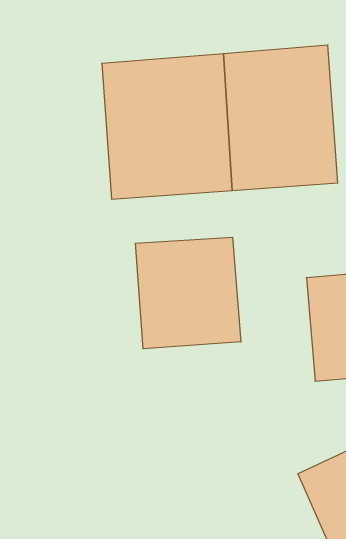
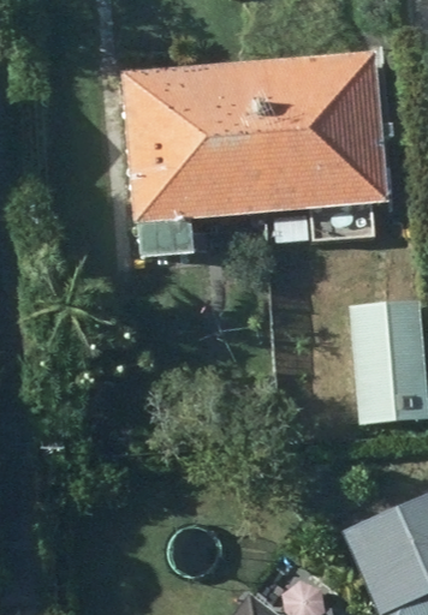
building: [136,237,241,349] -> none

